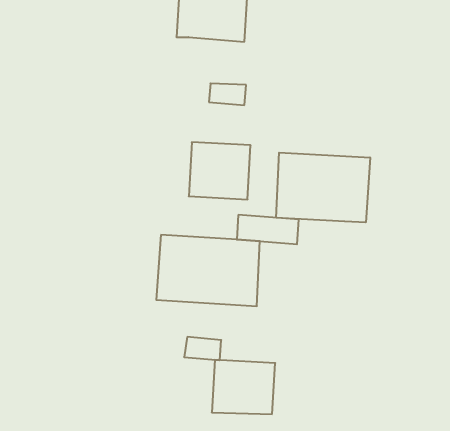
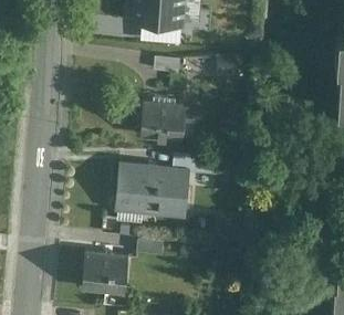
building: [276,153,370,222] -> none
building: [212,360,275,414] -> [85,258,131,296]

